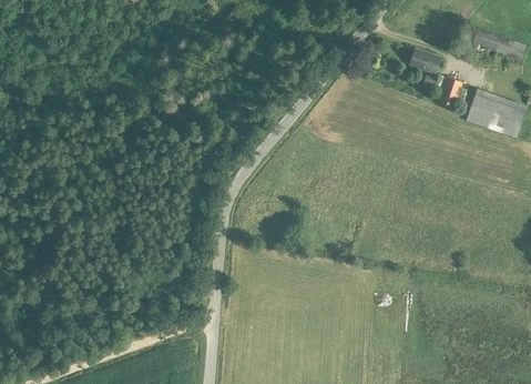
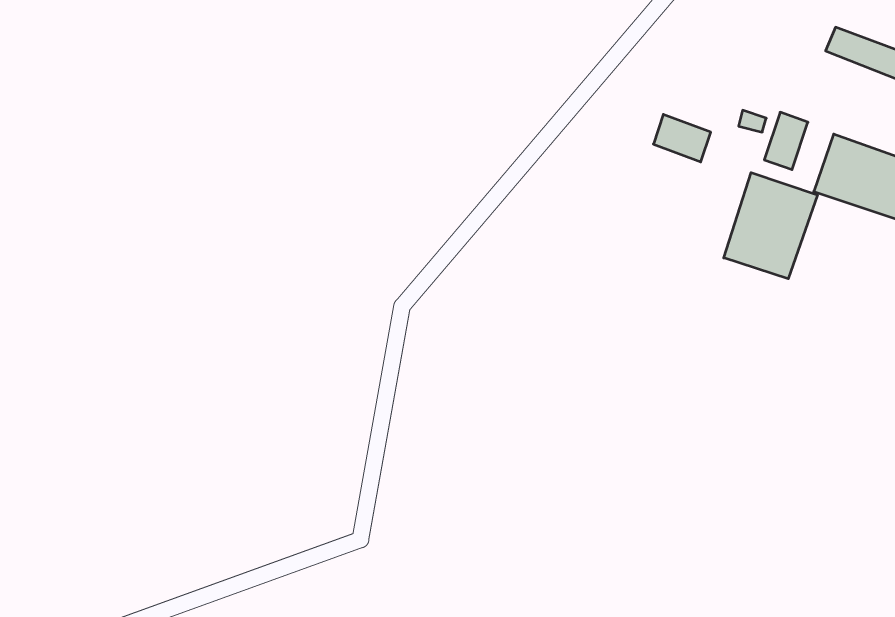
building: [409,47,441,73] -> [653,114,711,162]
building: none -> [724,173,817,279]

